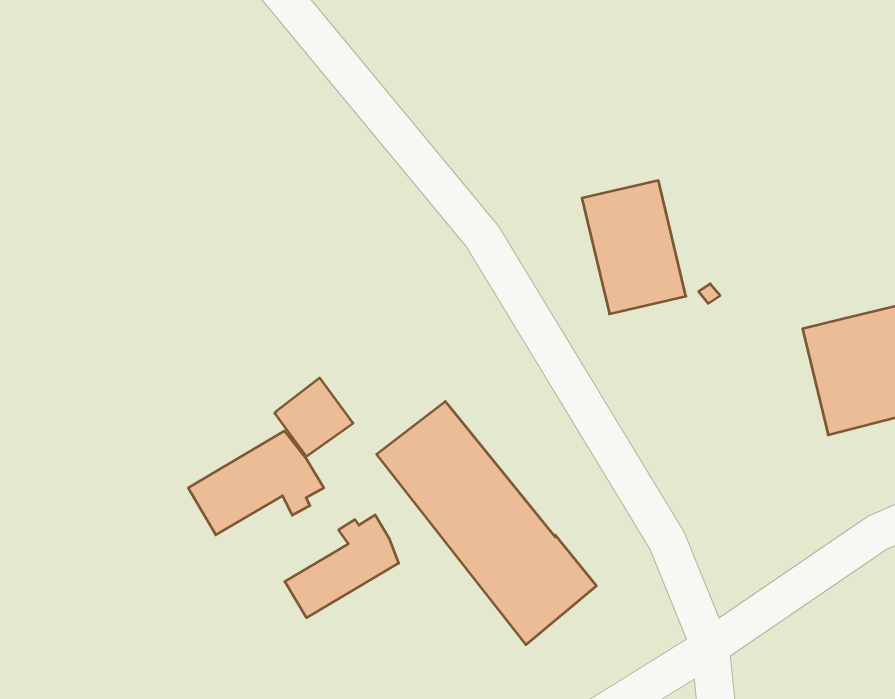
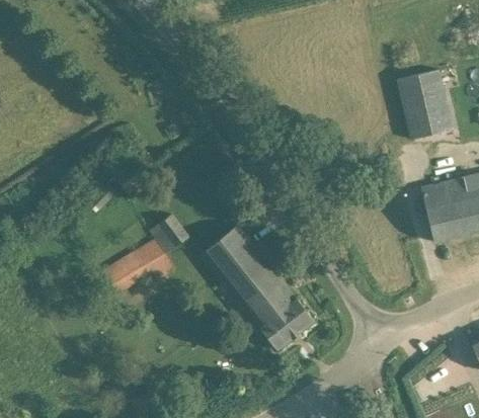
building: [582,181,686,314] -> [399,69,453,138]
building: [285,515,399,618] -> none

